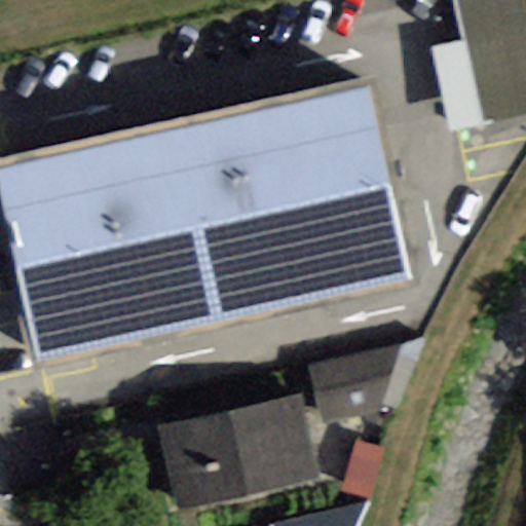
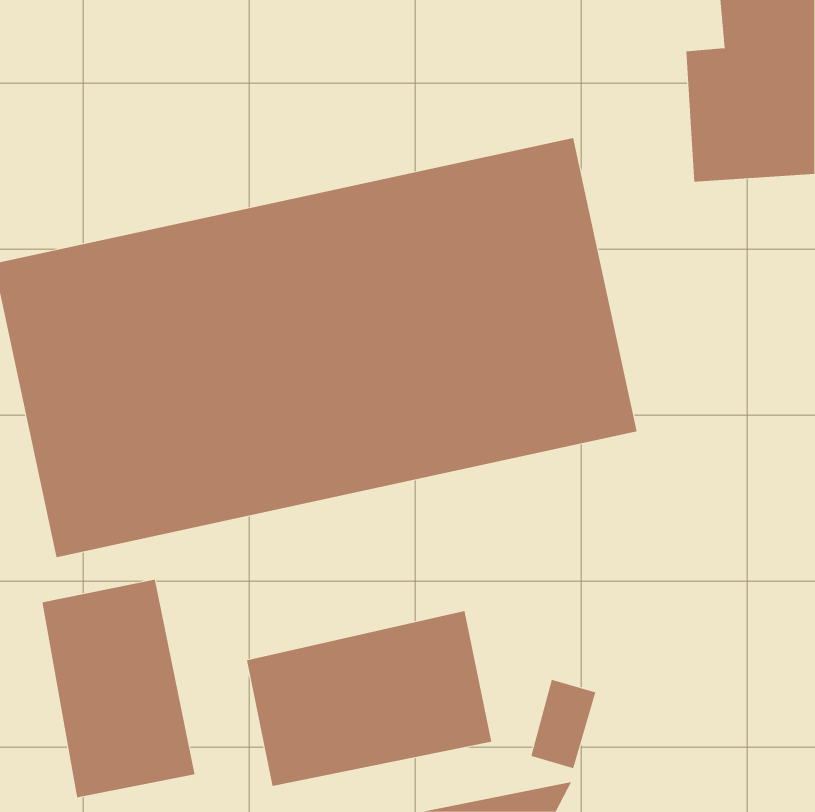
building: [309,338,423,422] -> none
building: none -> [42,579,195,798]

